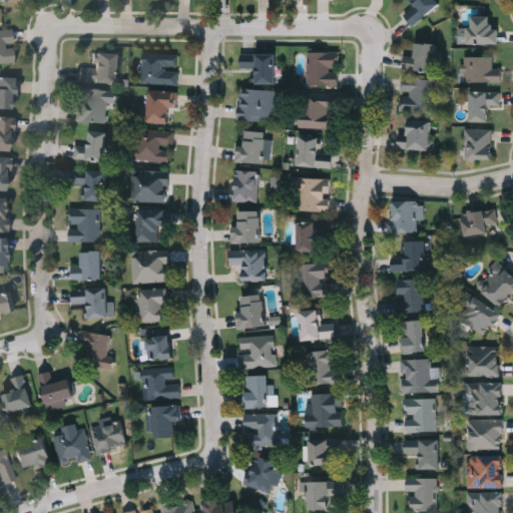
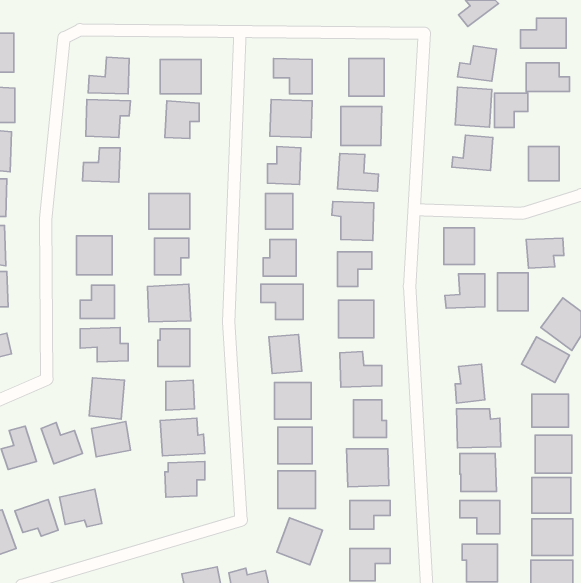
building: [469,91,498,121] -> [495,93,528,127]
building: [134,130,173,162] -> none
building: [72,170,105,201] -> none
building: [397,281,424,314] -> [497,273,528,311]
building: [90,422,124,453] -> [91,421,130,457]

